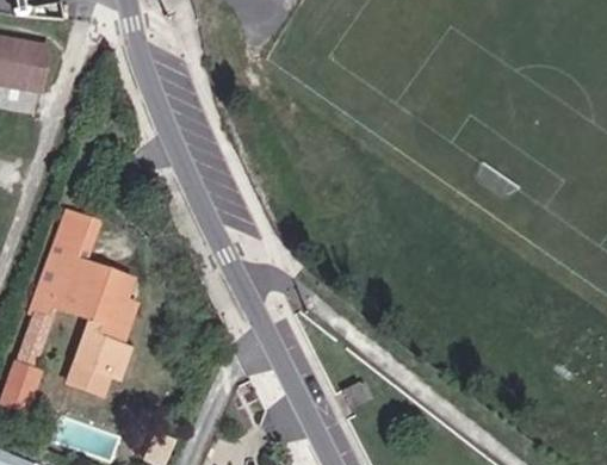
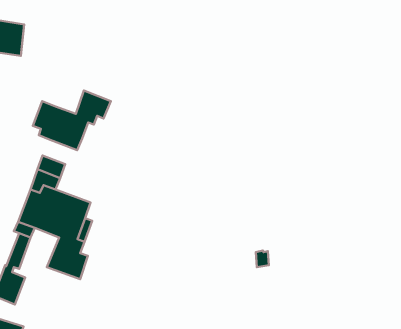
building: none -> [33,91,111,150]

